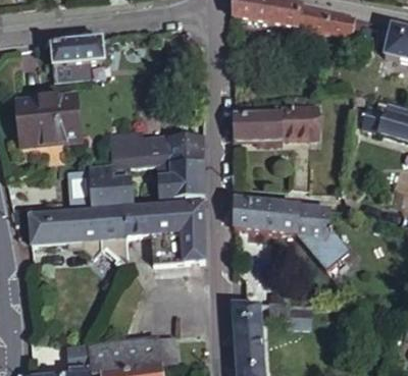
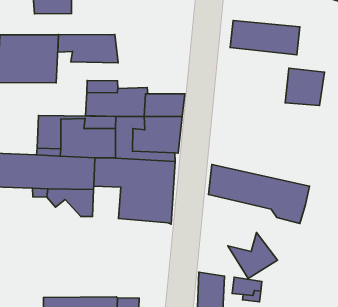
building: none -> [58,35,118,63]
building: [235,108,298,135] -> [230,21,300,55]
building: [302,227,350,271] -> [228,233,277,279]

